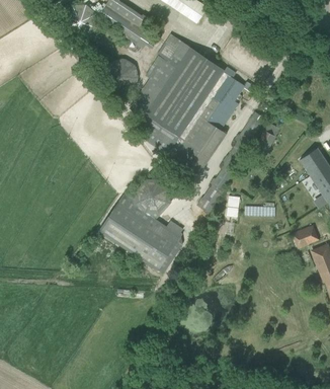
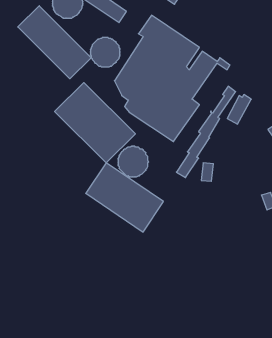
building: none -> [18,6,91,79]
building: none -> [55,83,135,163]

